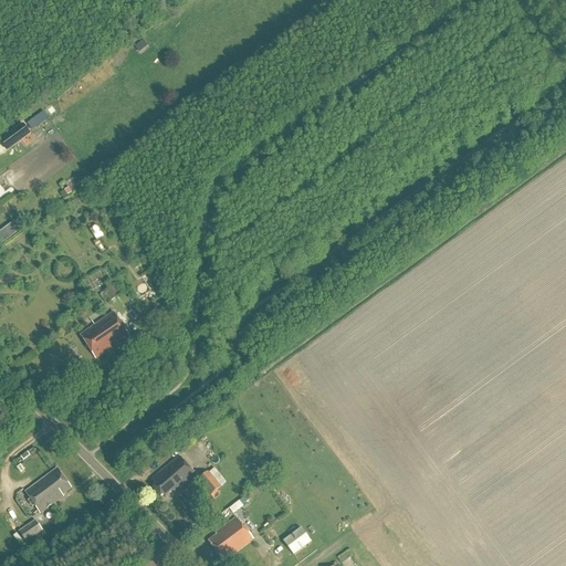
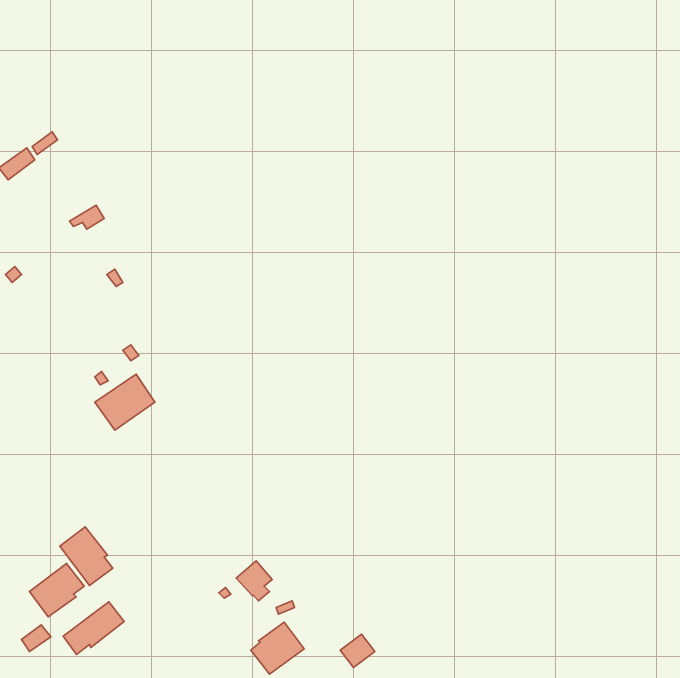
building: none -> [60,527,113,585]
building: [150,454,196,495] -> none
building: none -> [63,602,124,654]

